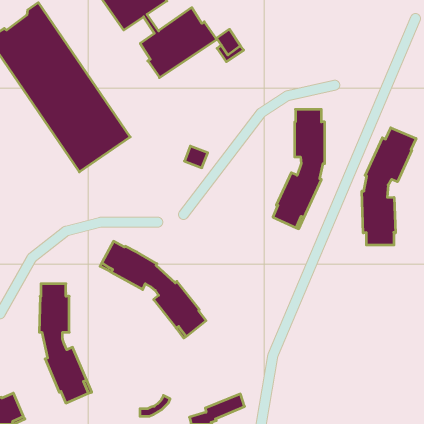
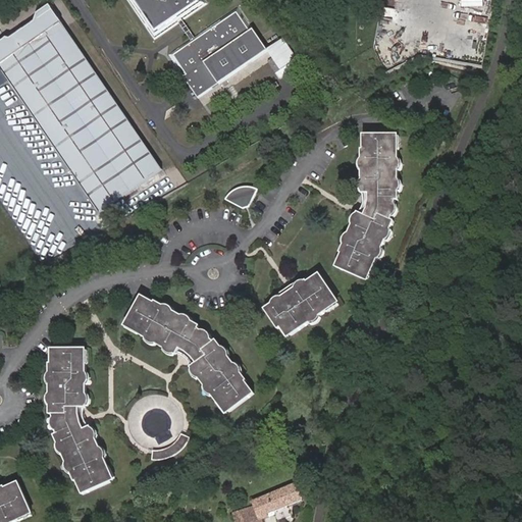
building: [362,128,416,245] -> none
building: none -> [263,272,337,336]
building: [140,395,170,416] -> [150,432,187,458]

